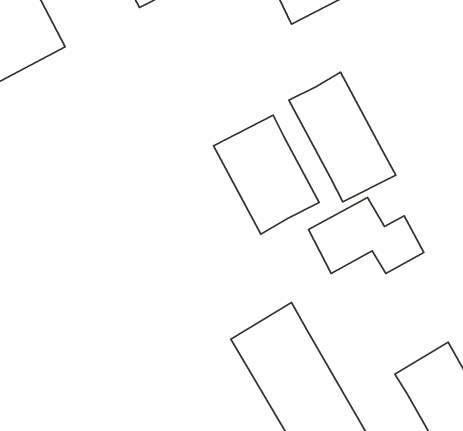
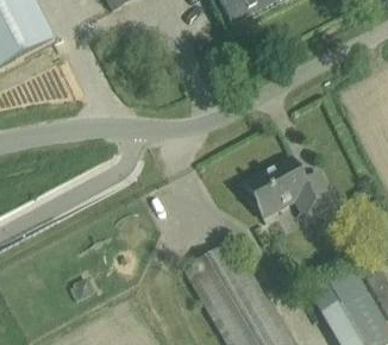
building: [289,72,396,202] -> none
building: [214,115,319,234] -> none

